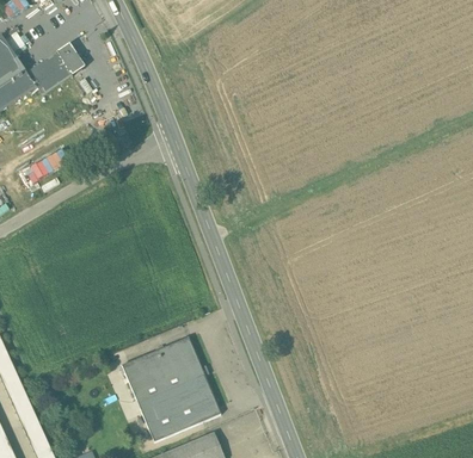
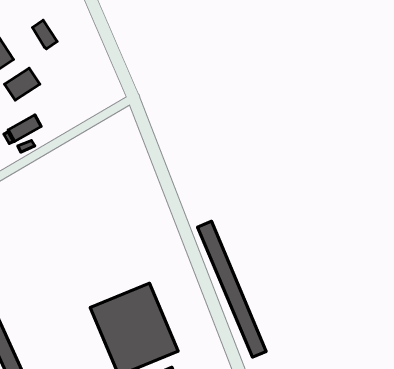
building: [30,55,69,91] -> [5,68,40,100]
building: none -> [197,221,266,357]

